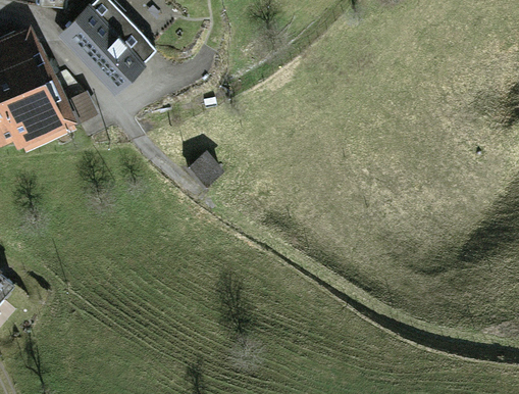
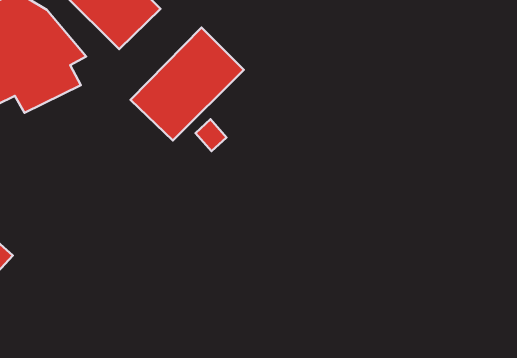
building: none -> [131,28,244,141]

